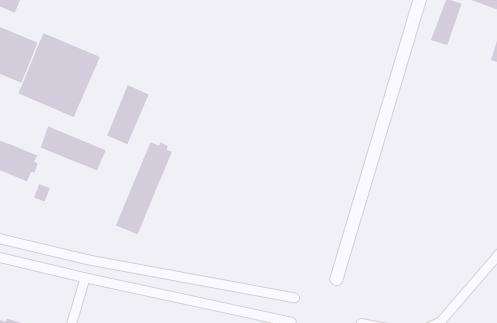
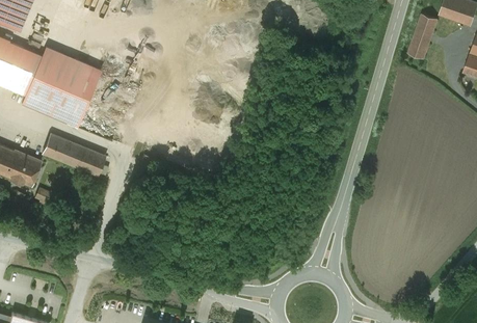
building: [107,84,149,145] -> none
building: [115,141,173,235] -> none

